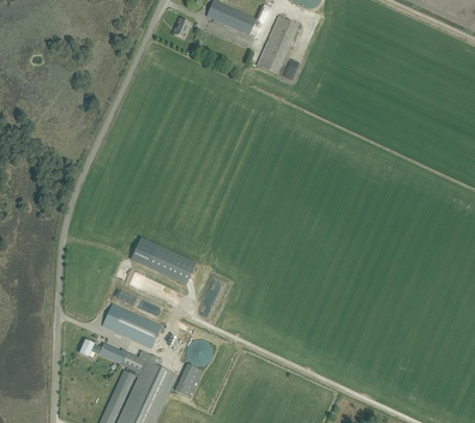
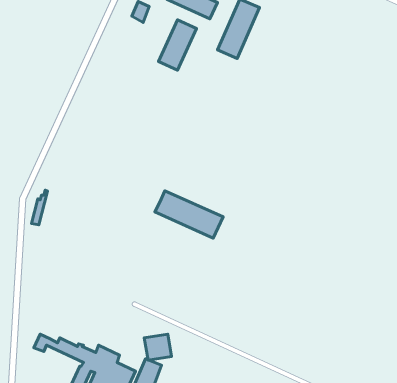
building: none -> [159,20,196,70]
building: [130,238,196,284] -> [155,191,223,238]
building: [102,303,161,348] -> none

